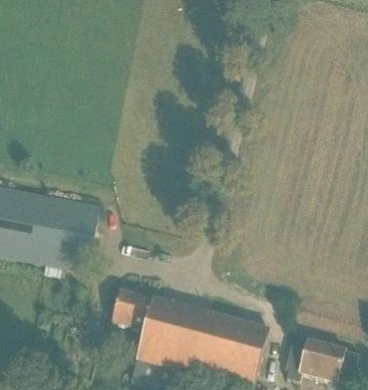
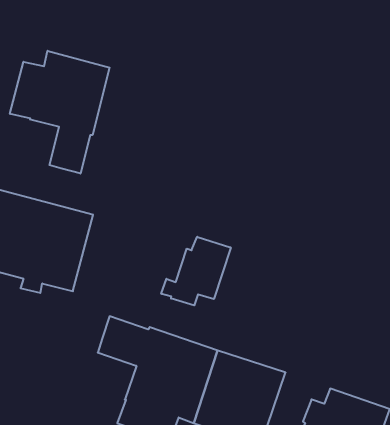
building: none -> [10,51,110,174]
building: none -> [161,237,231,305]

